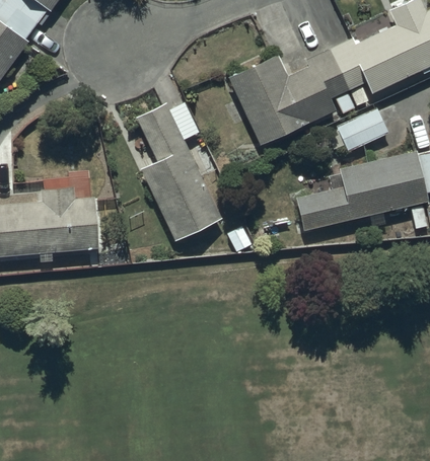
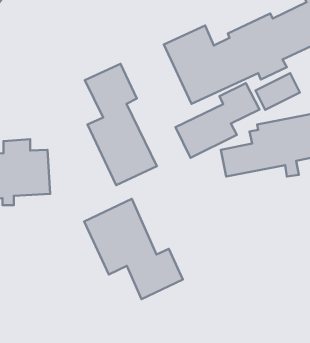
building: none -> [175,83,259,158]
building: none -> [84,199,183,299]

